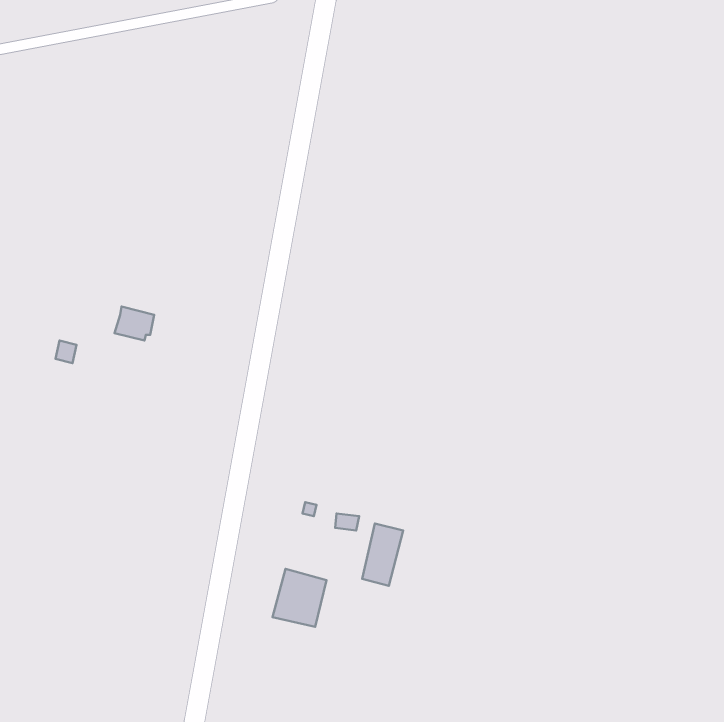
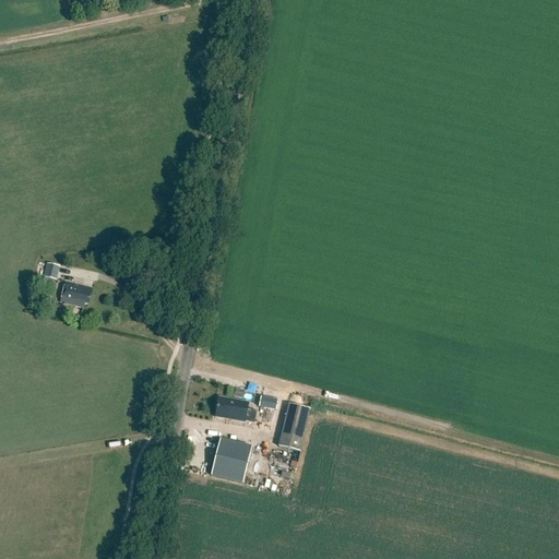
building: [115,306,154,340] -> [60,281,91,307]
building: none -> [215,396,257,423]

